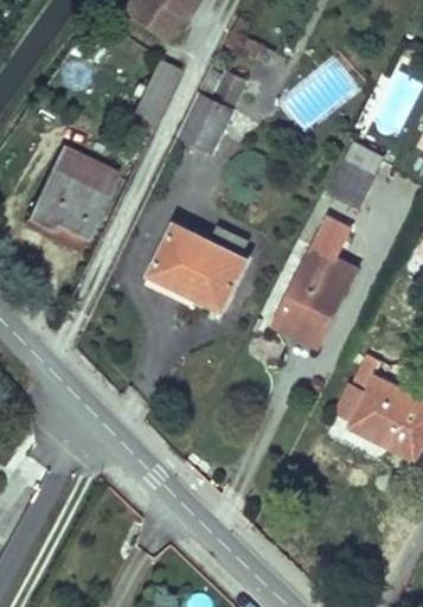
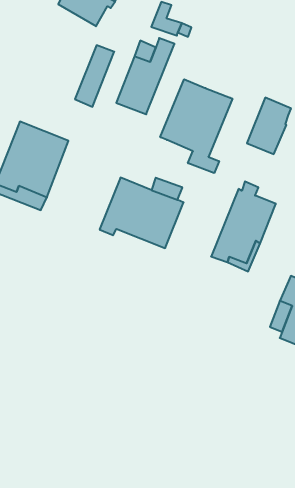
building: none -> [160,79,232,173]

